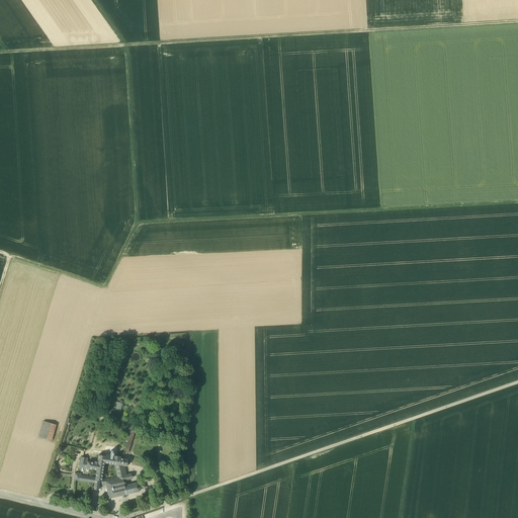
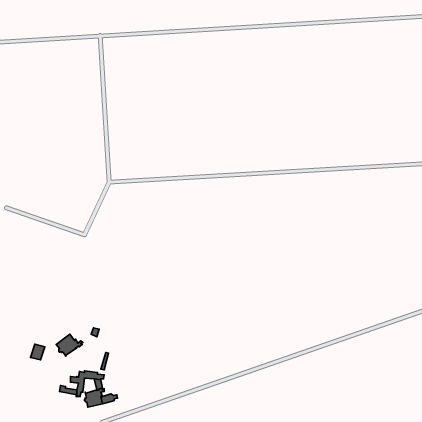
building: none -> [56,334,83,356]

